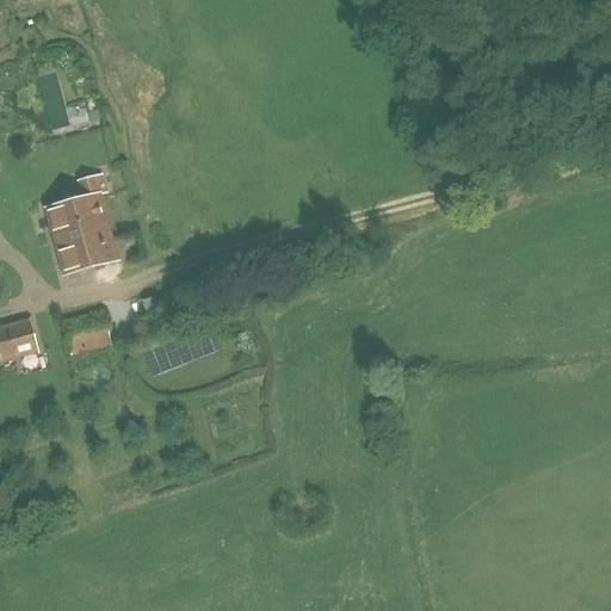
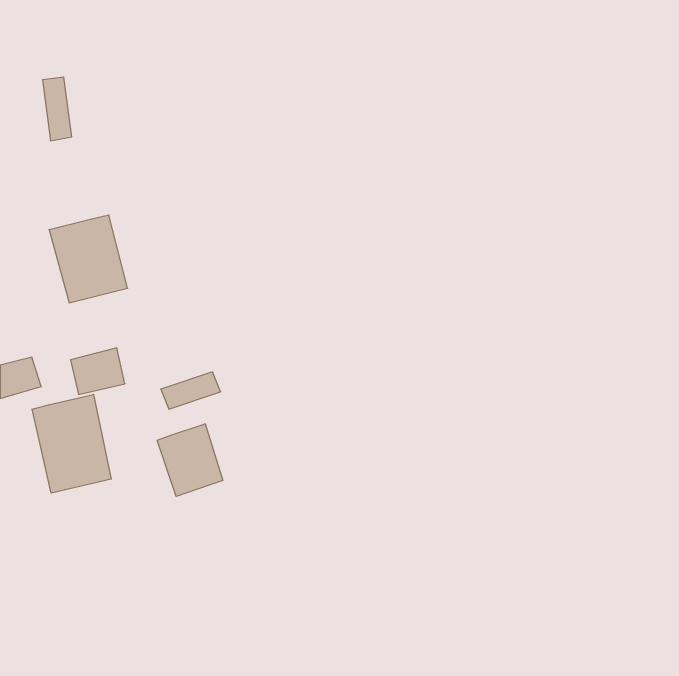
building: none -> [32,394,111,493]
building: none -> [157,424,223,496]

